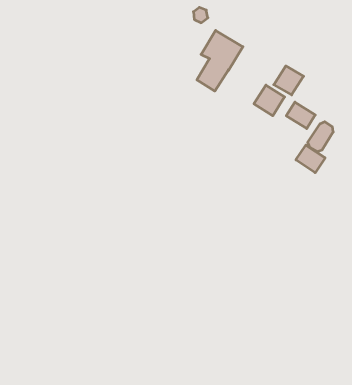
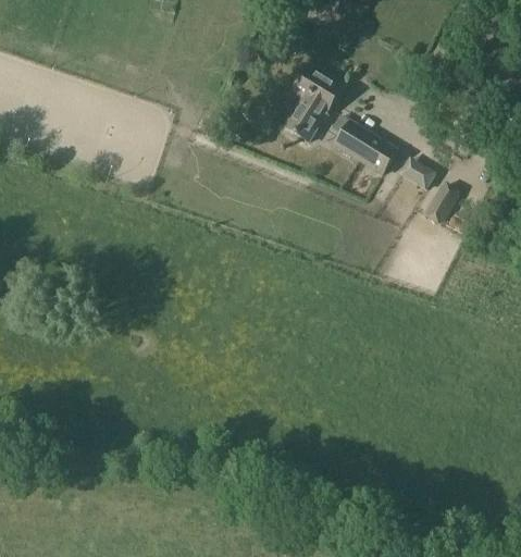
building: [274,66,304,95] -> [334,122,372,159]
building: [296,145,325,173] -> none

